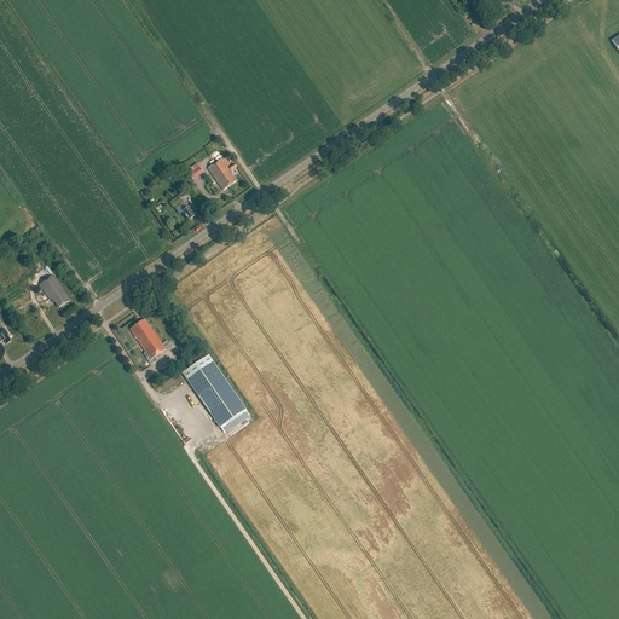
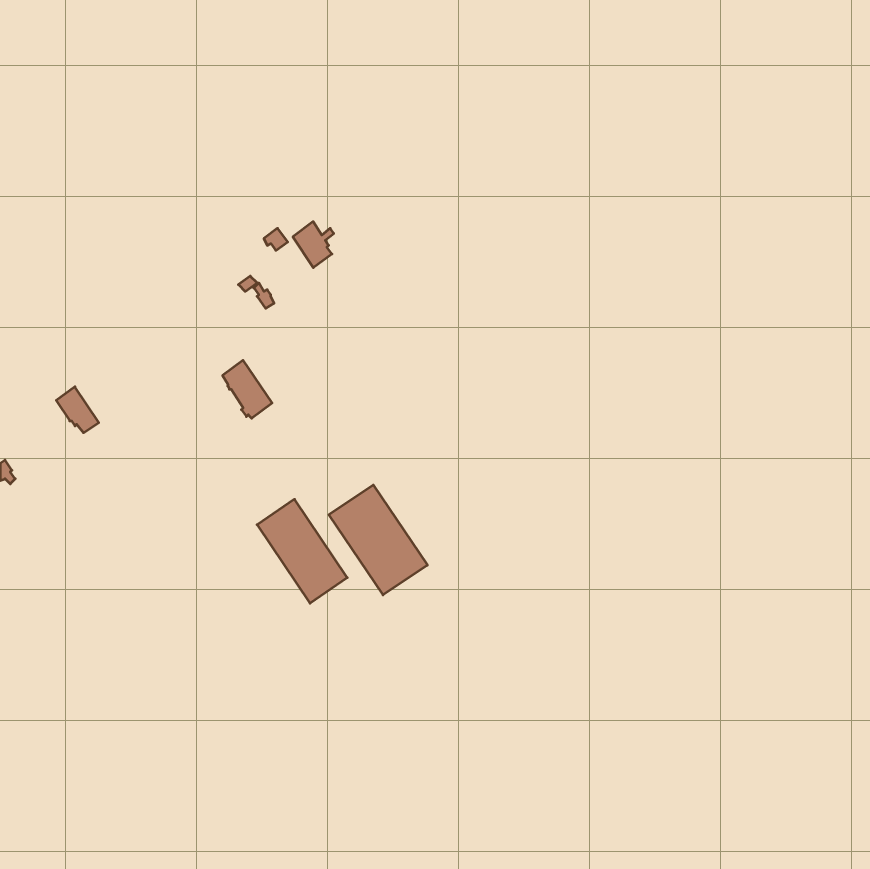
building: [131,318,166,359] -> [223,360,272,418]
building: none -> [329,485,427,595]

